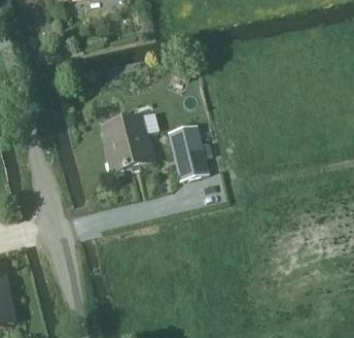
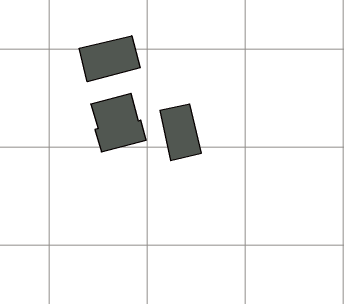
building: none -> [79,36,140,82]

